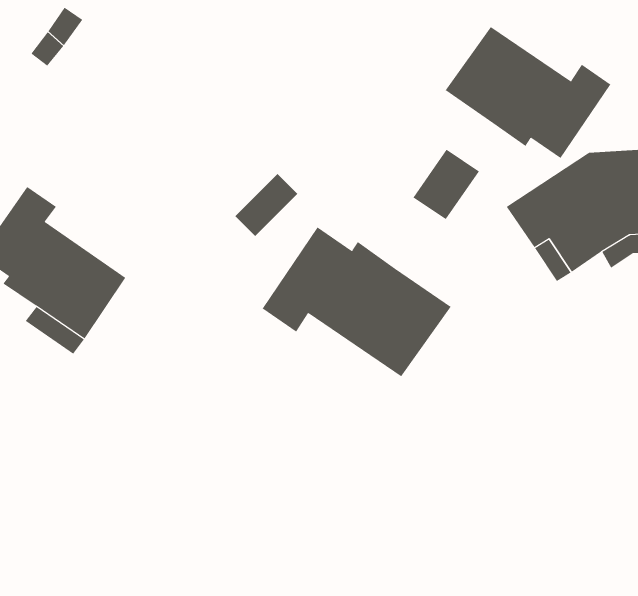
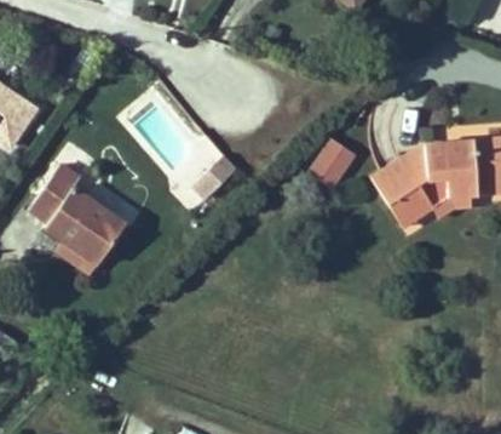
building: [445,26,611,159] -> none
building: [262,227,452,377] -> none

